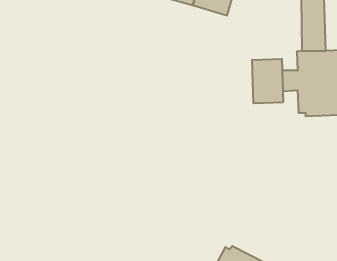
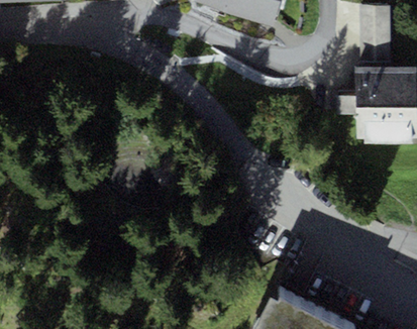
building: [252,59,283,103] -> none

